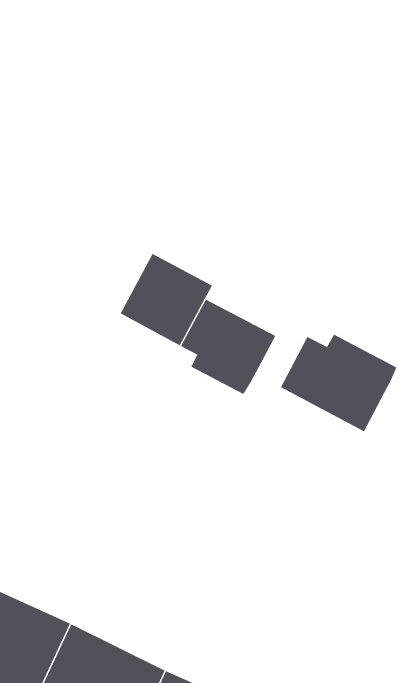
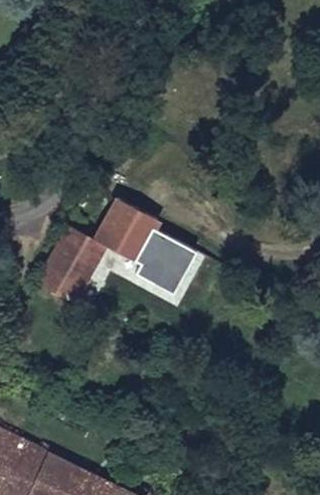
building: none -> [40,230,104,304]
building: [280,334,397,432] -> none

